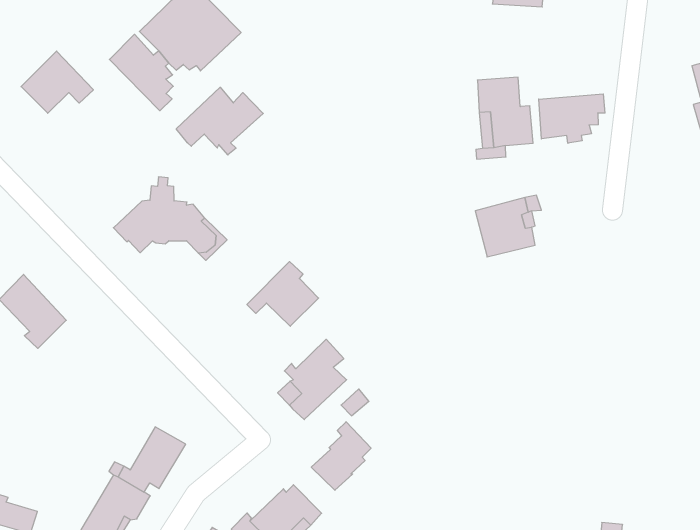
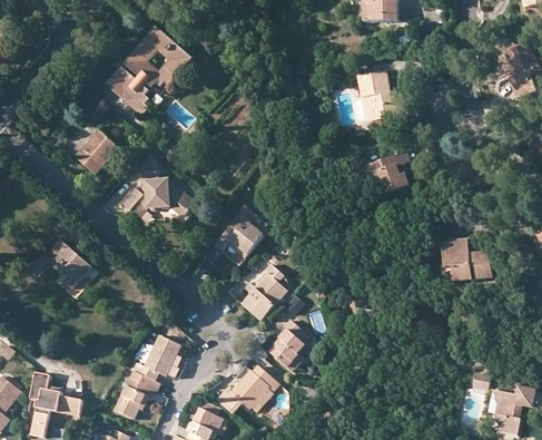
building: [21,51,93,113] -> [77,131,127,175]
building: [176,87,263,155] -> none
building: [539,94,605,143] -> none
building: none -> [441,239,491,285]

